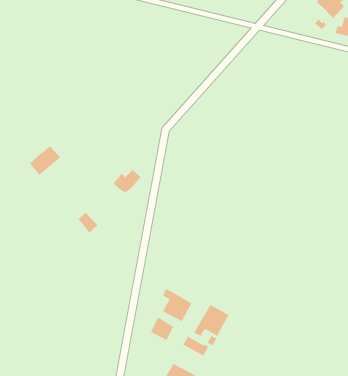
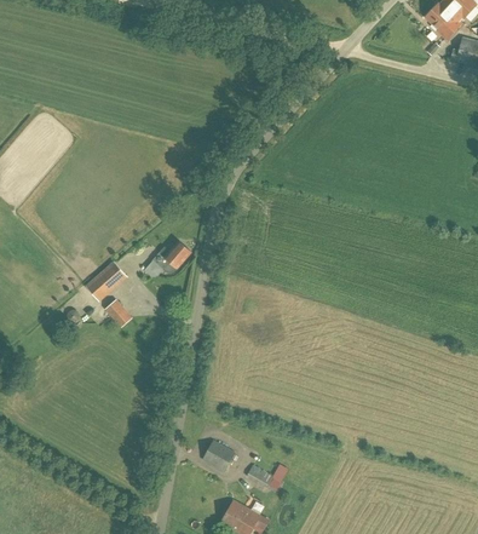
building: [29,145,61,176] -> [86,260,128,302]
building: [162,288,193,322] -> none
building: [193,304,229,337] -> none

